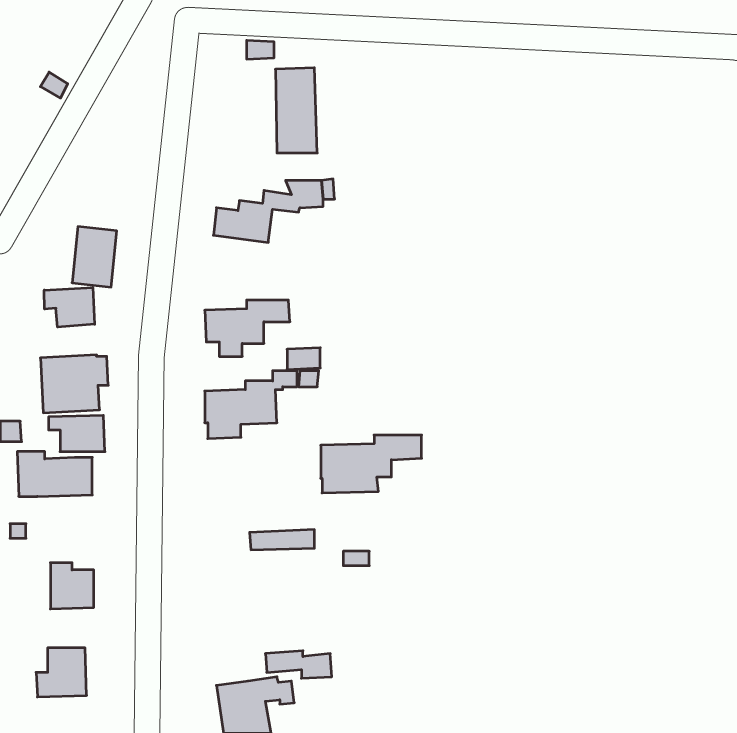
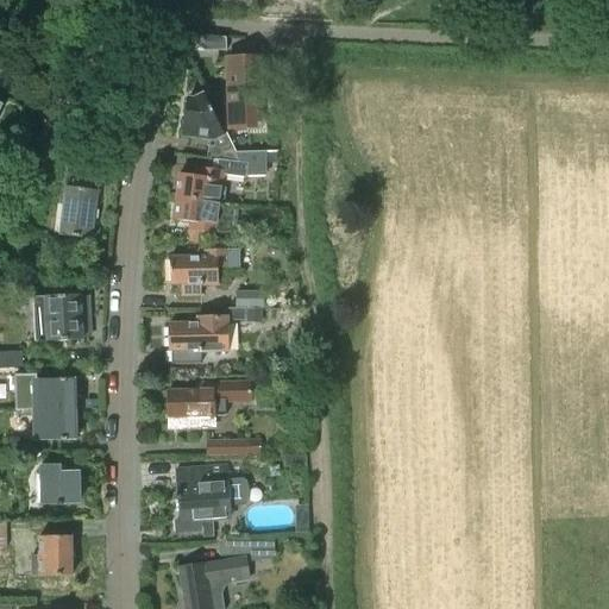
building: none -> [182,92,240,161]
building: none -> [172,194,233,232]
building: [44,288,95,327] -> none
building: [49,415,105,452] -> [31,408,77,438]
building: [321,435,422,493] -> [168,379,251,427]
building: none -> [175,464,247,541]

